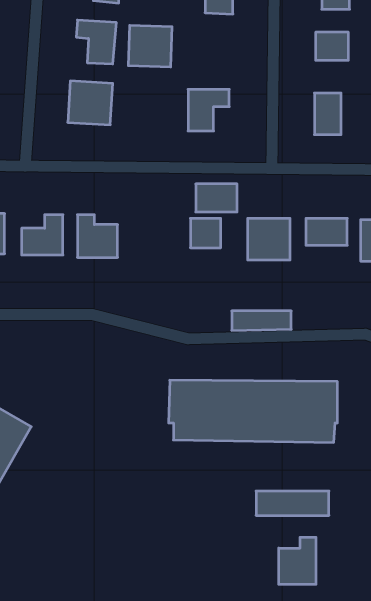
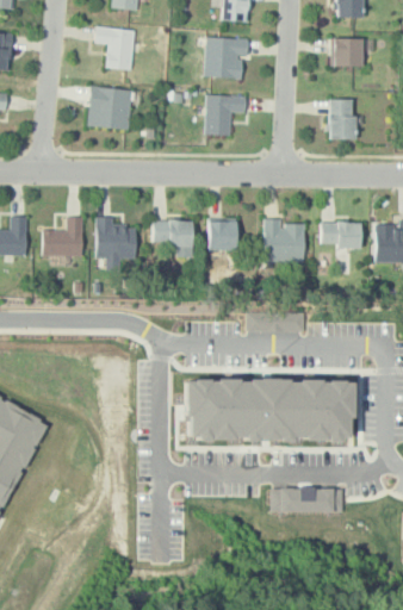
building: [128,25,172,67] -> [204,38,247,79]
building: [196,184,237,212] -> [151,220,192,248]
building: [279,537,316,584] -> none

